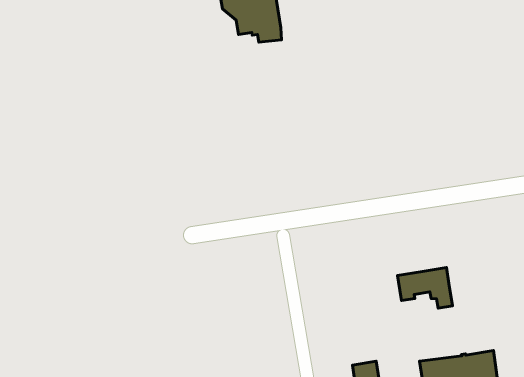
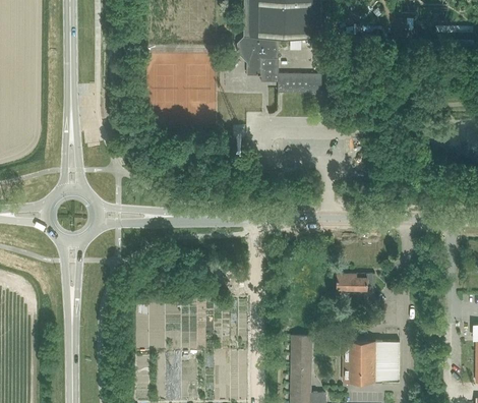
building: none -> [278,72,321,94]

